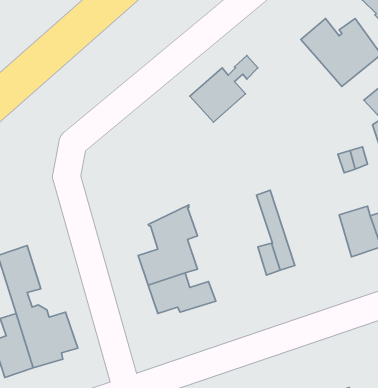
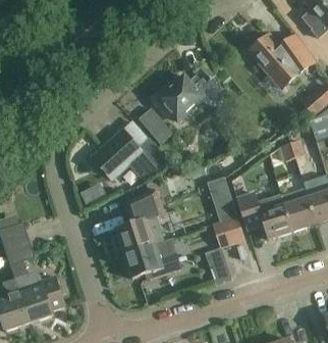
building: none -> [138,103,175,142]
building: none -> [93,130,167,179]
building: none -> [236,191,291,238]
building: none -> [203,246,230,283]

